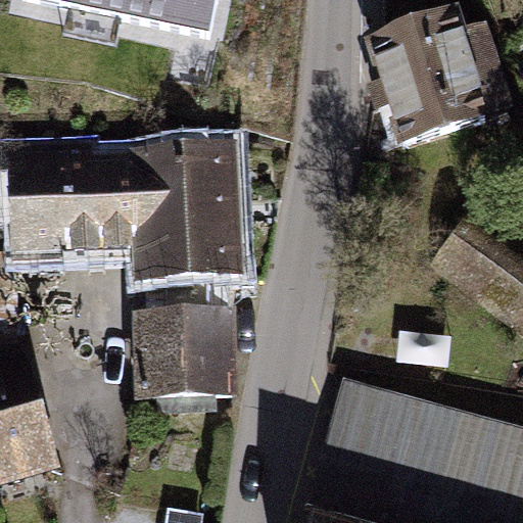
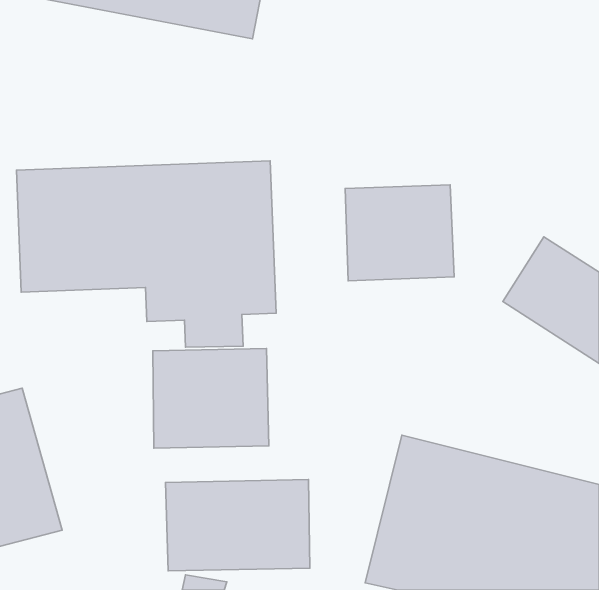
building: [378,12,505,151] -> none
building: none -> [345,185,454,281]
building: none -> [166,479,310,571]

